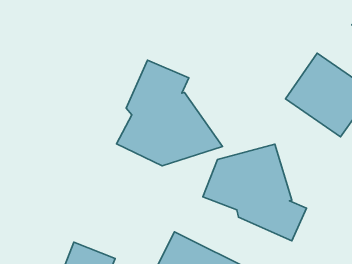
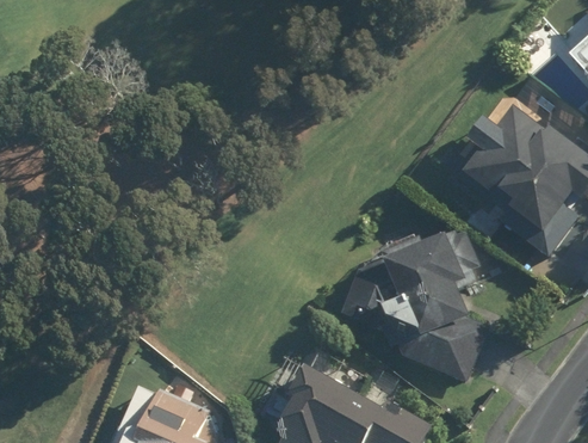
building: [116,60,222,166] -> none

